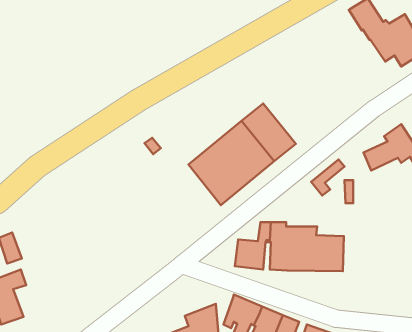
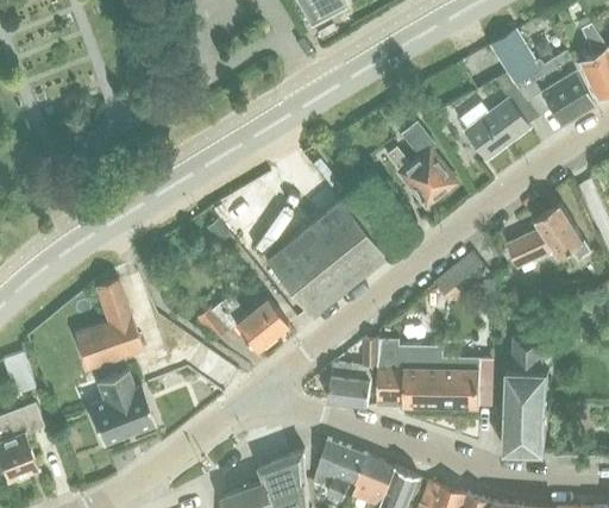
building: none -> [457,74,536,159]
building: none -> [385,124,451,206]
building: none -> [71,281,142,371]
building: none -> [195,296,285,350]
building: none -> [504,337,548,454]
building: none -> [86,371,153,446]

